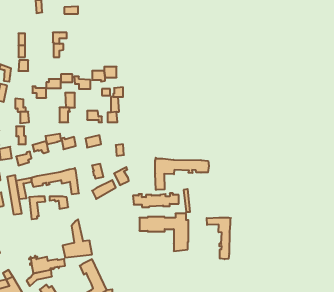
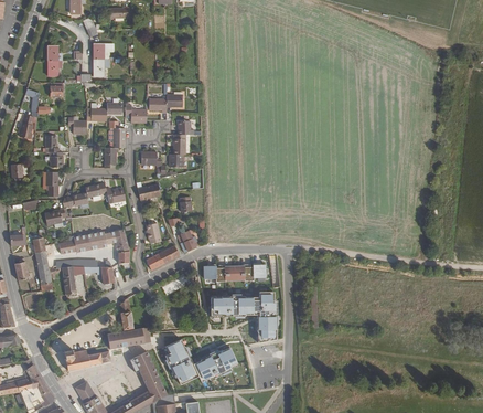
building: [155,158,209,190] -> none
building: [207,218,231,259] -> none
building: none -> [165,337,238,382]

